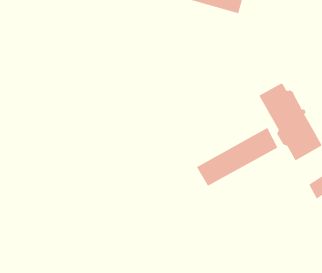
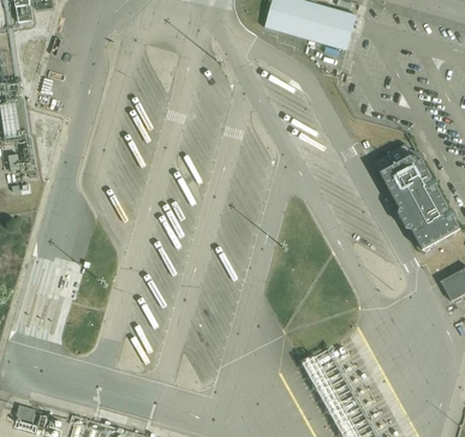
building: [196,127,278,187] -> none

